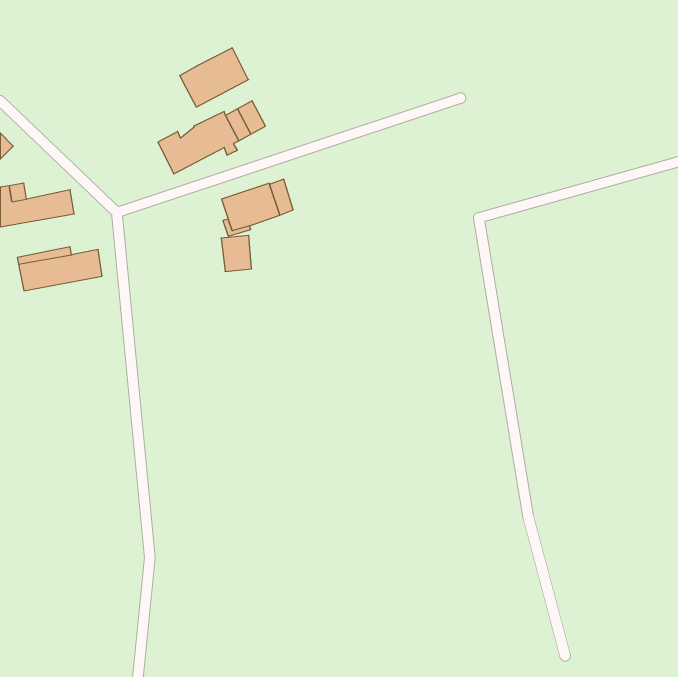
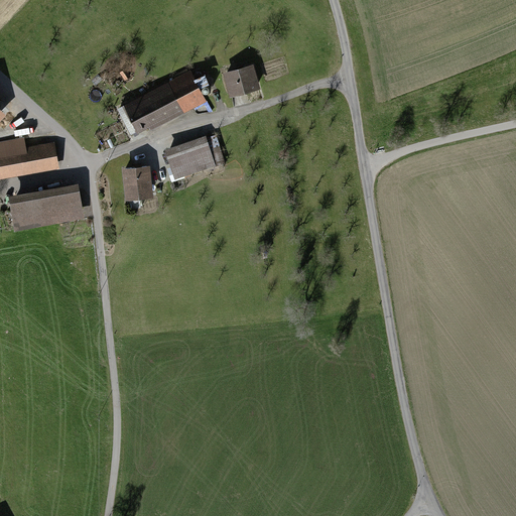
building: [180,48,249,107] -> none
building: none -> [227,68,257,94]
building: [221,236,252,271] -> [126,167,149,195]

